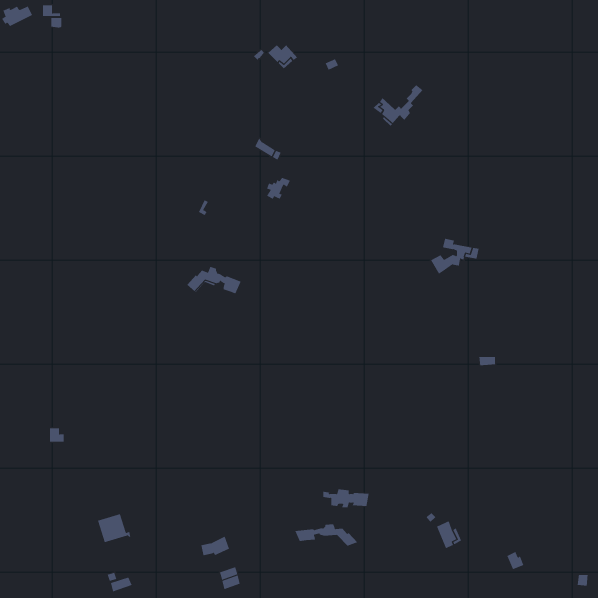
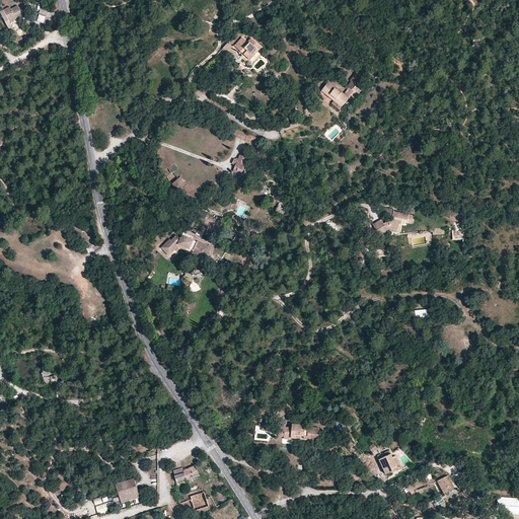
building: [97,514,131,543] -> [114,477,143,503]
building: [295,524,358,547] -> none

